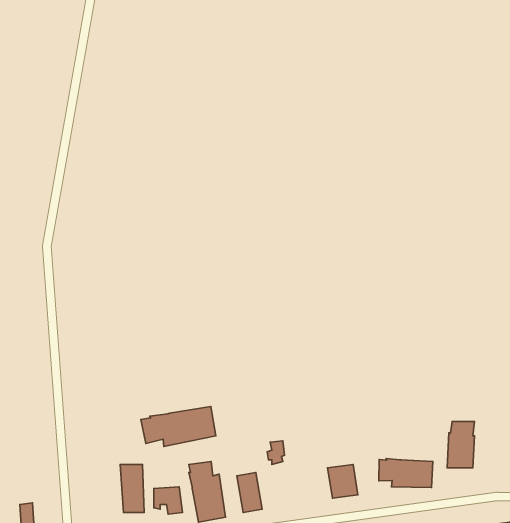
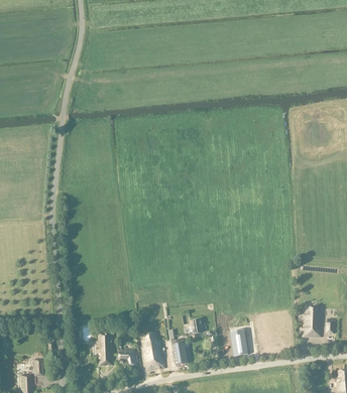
building: [141,406,216,446] -> none
building: [379,459,433,488] -> none

